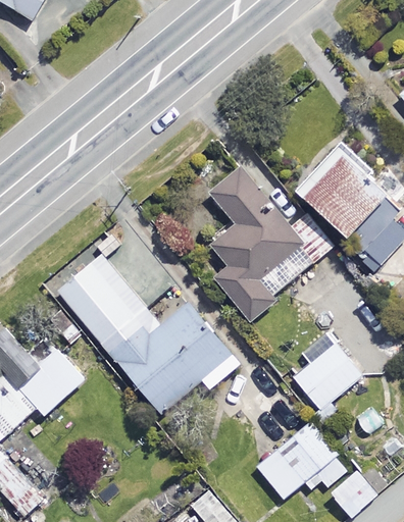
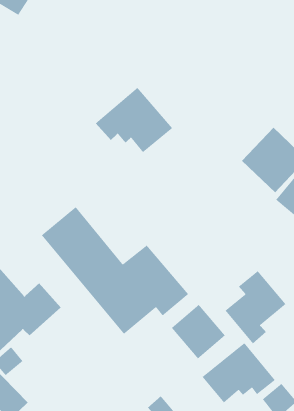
building: none -> [95,87,173,153]
building: [198,167,333,321] -> none
building: none -> [171,304,226,359]

